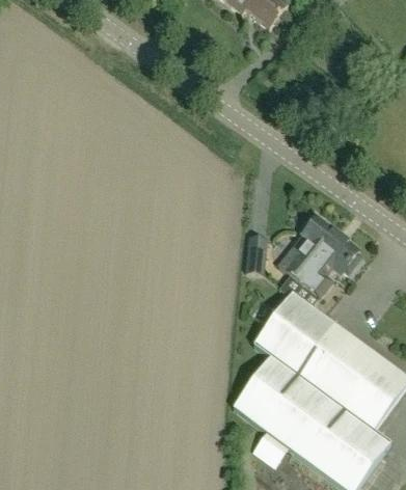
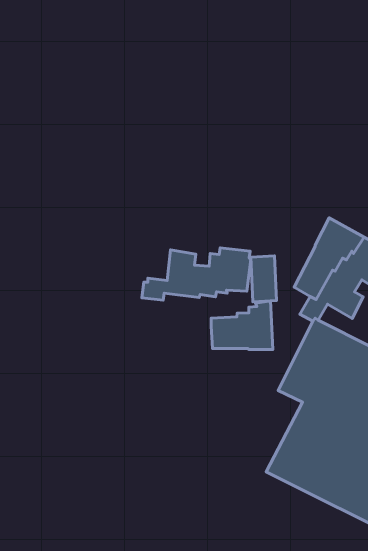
building: none -> [142,248,251,300]
building: none -> [211,301,273,350]

